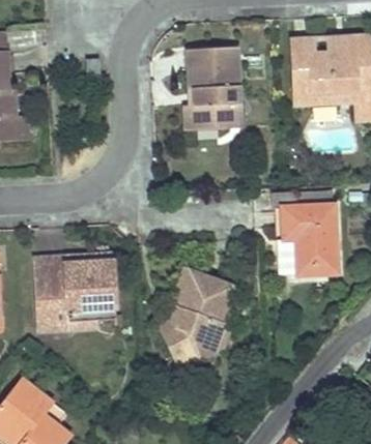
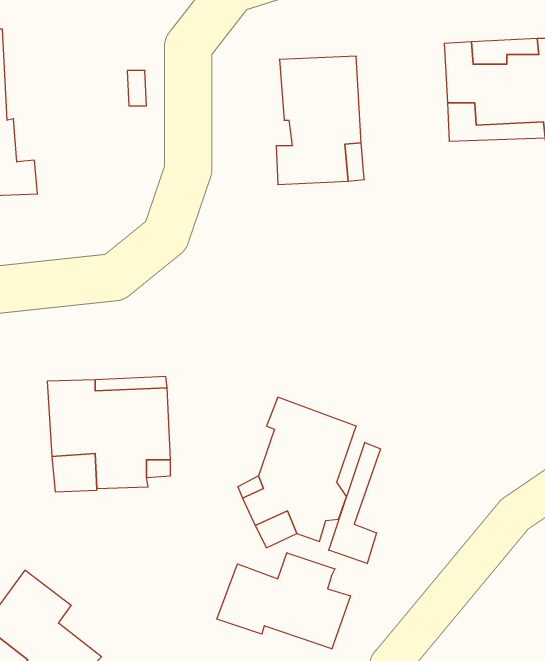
building: [283,204,337,273] -> none
building: none -> [329,442,380,564]
building: none -> [217,553,350,649]

